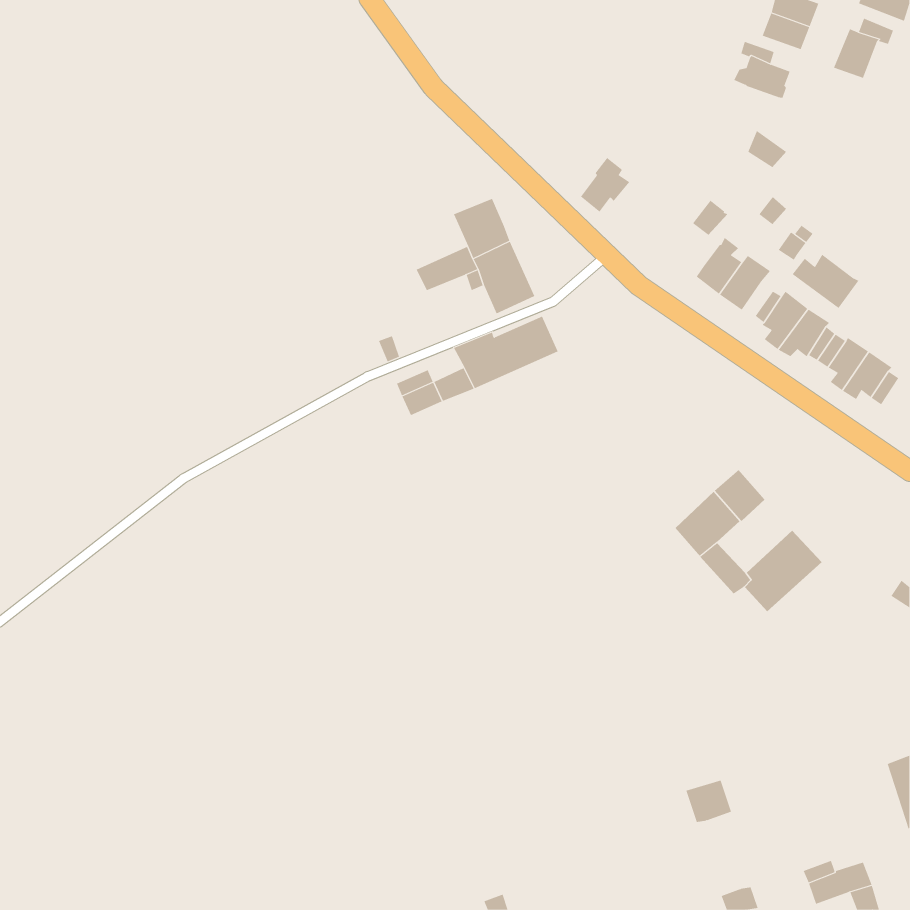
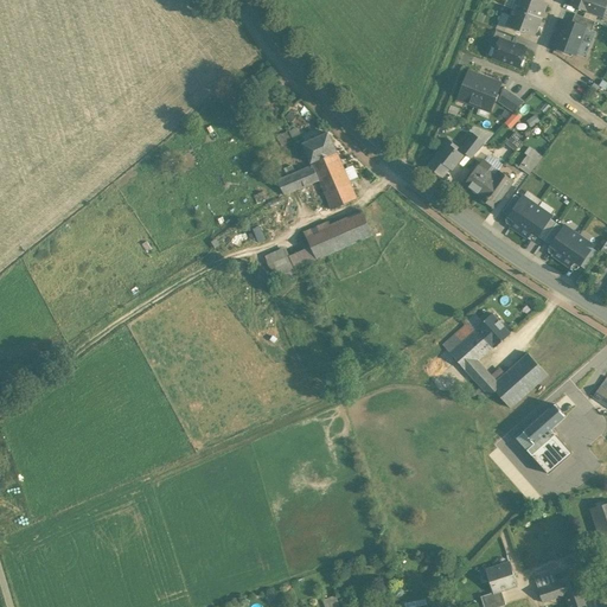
building: none -> [458,70,499,109]
building: [580,157,630,213] -> [428,138,461,174]
building: [792,254,859,309] -> none
building: none -> [518,396,574,466]
building: [685,780,732,823] -> [485,562,516,590]

